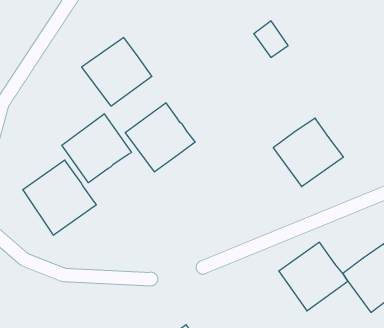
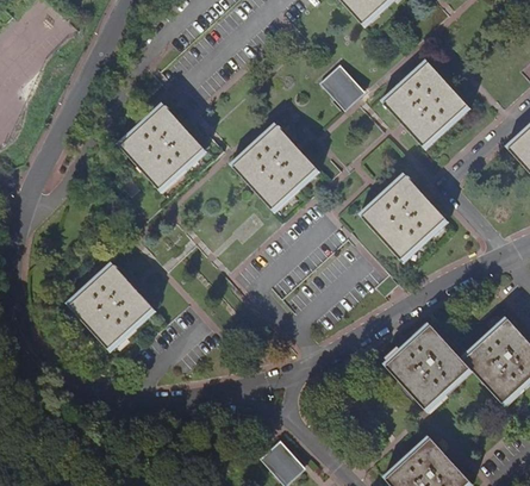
building: none -> [384,60,468,144]
building: [125,103,195,172] -> [232,124,318,208]
building: [62,114,131,183] -> none

